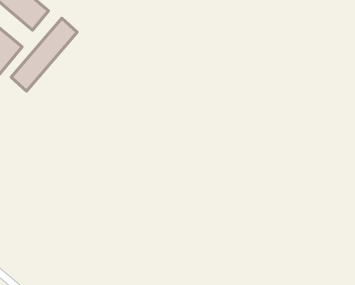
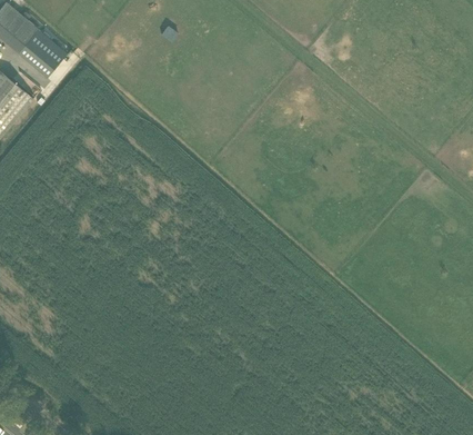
building: [11,18,77,91] -> none

